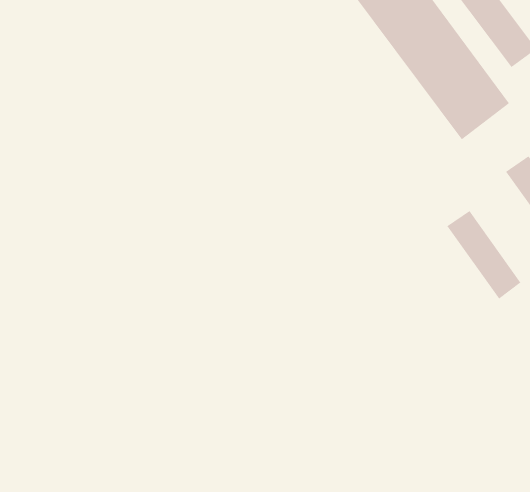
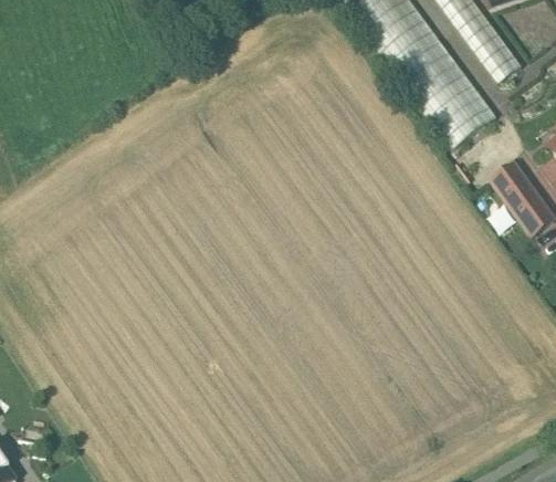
building: [446,210,521,299] -> none

